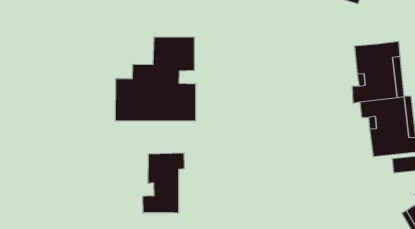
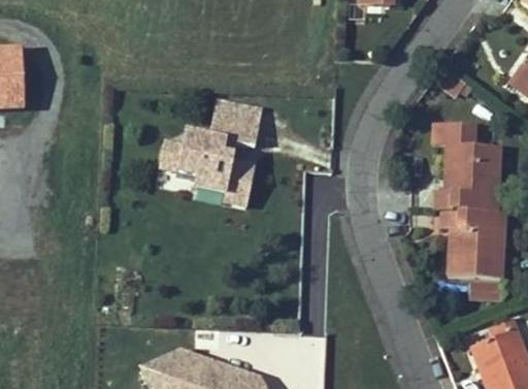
building: none -> [433,123,475,147]
building: [143,153,184,213] -> none

